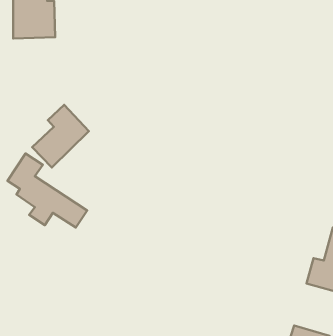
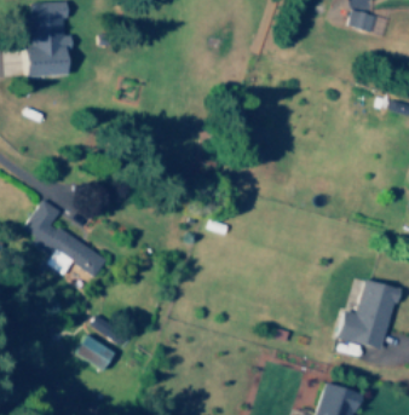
building: [32,105,89,168] -> none
building: none -> [75,335,115,371]

